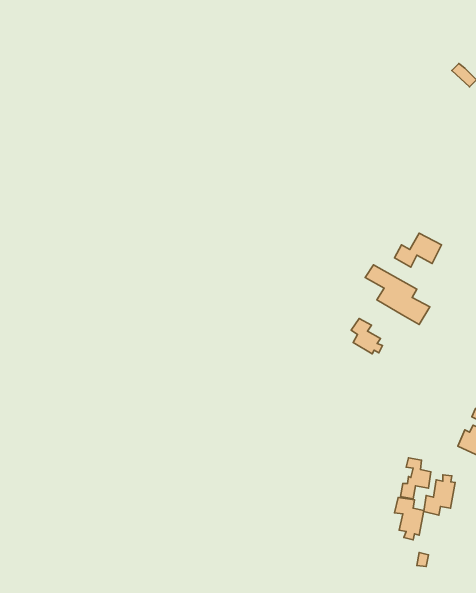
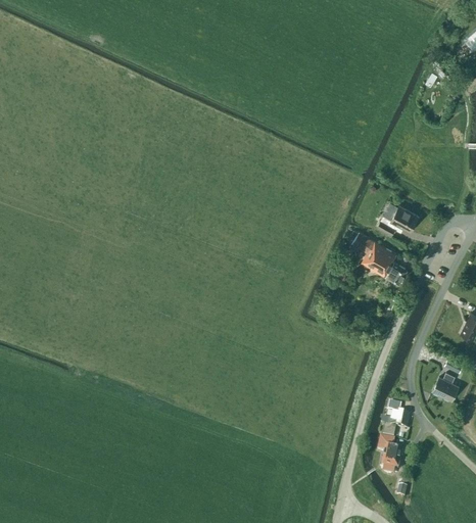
building: [351,318,383,354] -> none
building: [424,475,455,515] -> none

